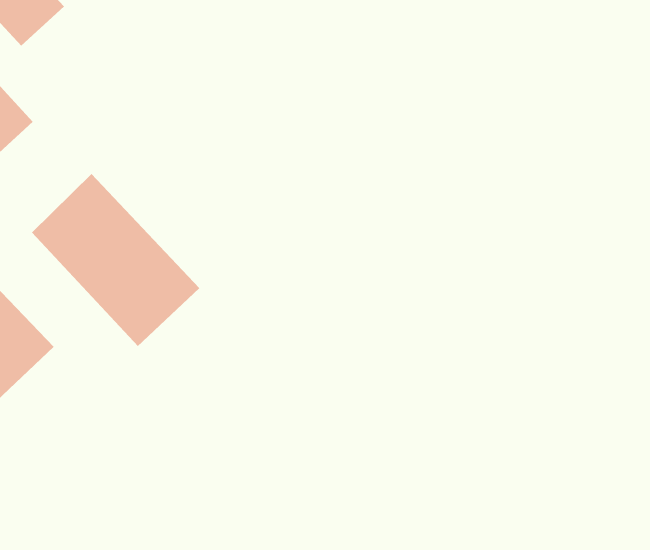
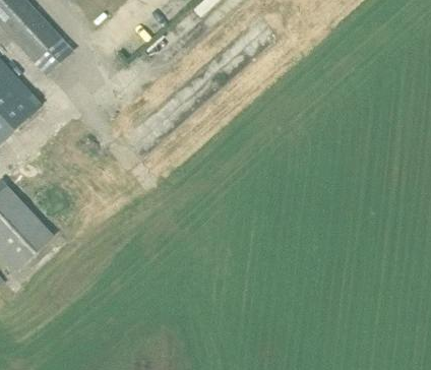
building: [31,173,200,347] -> none

